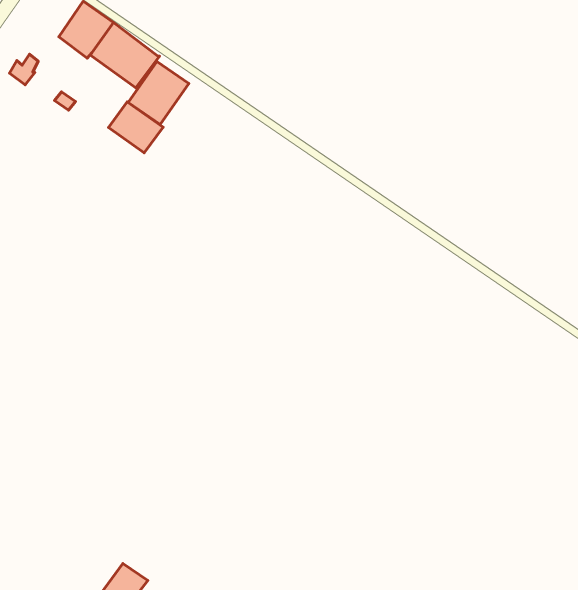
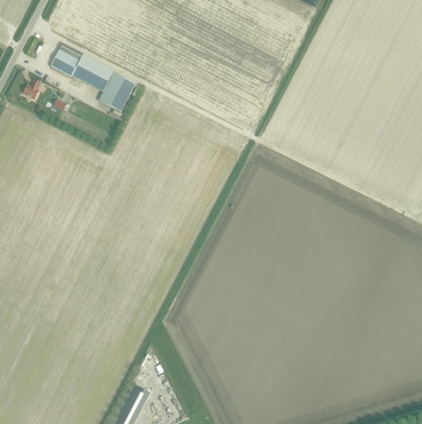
building: [108,102,163,153] -> none

